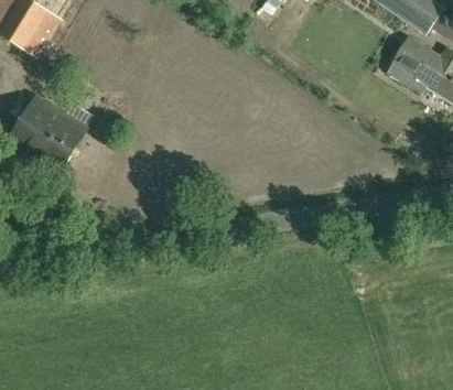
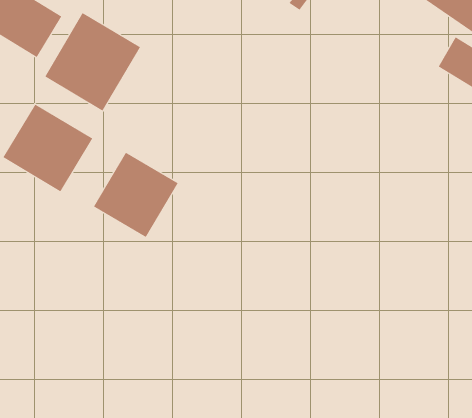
building: none -> [44,12,141,111]
building: none -> [93,152,178,238]

